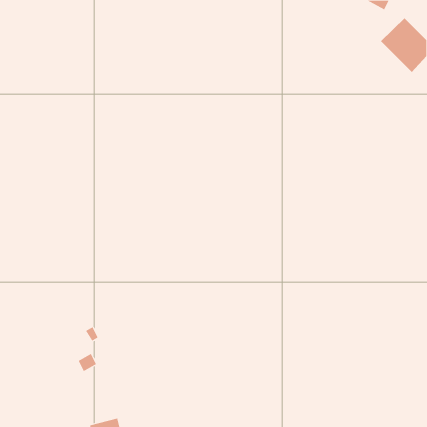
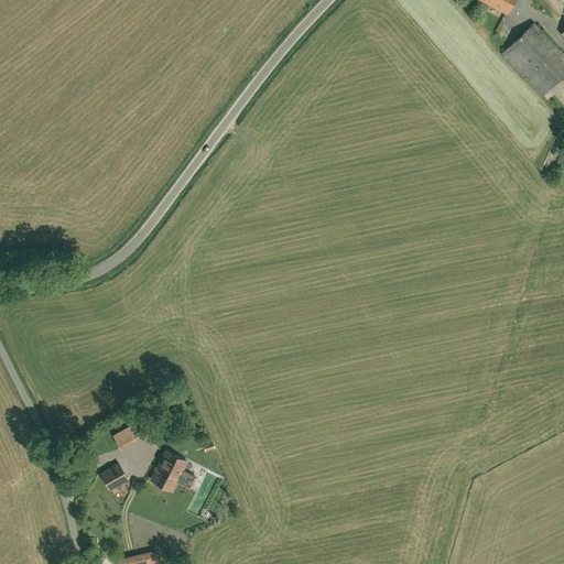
building: none -> [153,453,185,489]

